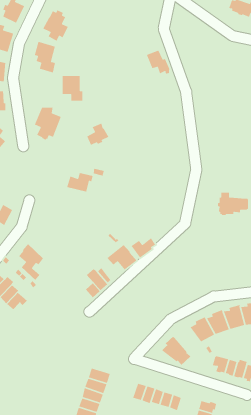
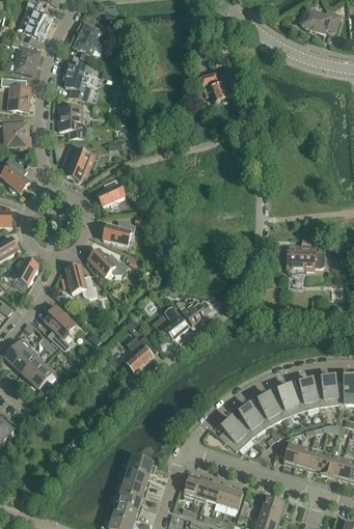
building: [62,75,83,102] -> [58,105,84,137]
building: [86,123,109,146] -> [97,177,125,205]
building: none -> [87,248,127,275]
building: none -> [65,264,98,297]
building: none -> [234,403,265,437]

